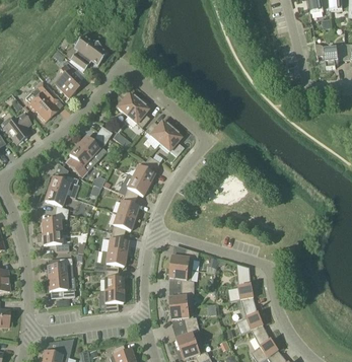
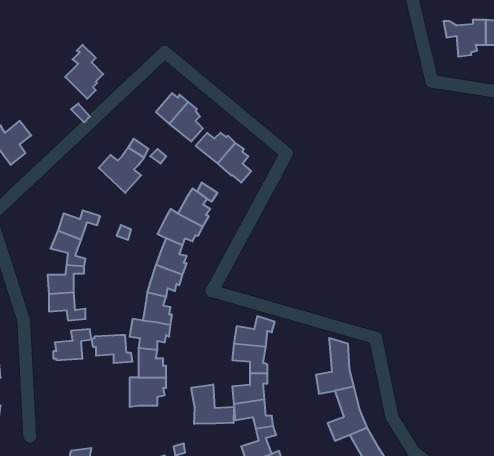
building: [65,34,107,69] -> none
building: [24,81,58,120] -> none
building: [65,145,95,176] -> none
building: [46,277,74,296] -> [91,335,133,363]
building: none -> [191,384,234,424]

